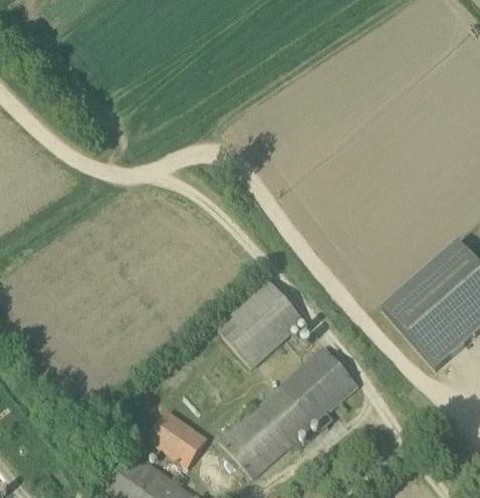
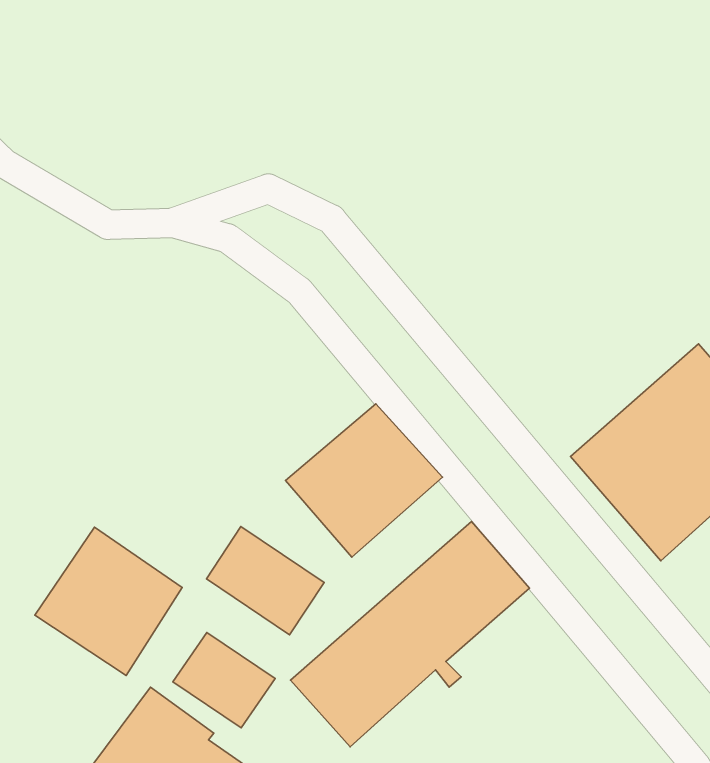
building: none -> [207,526,324,635]
building: none -> [35,527,182,675]

